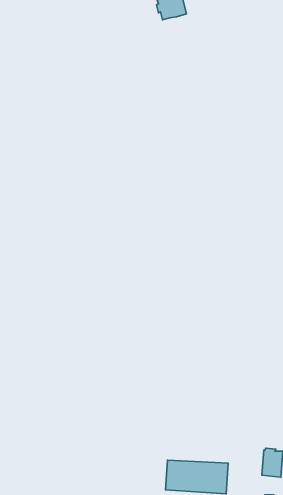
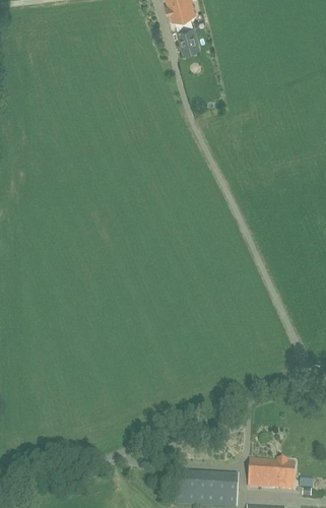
building: none -> [178,17,199,52]
building: none -> [248,458,275,486]

